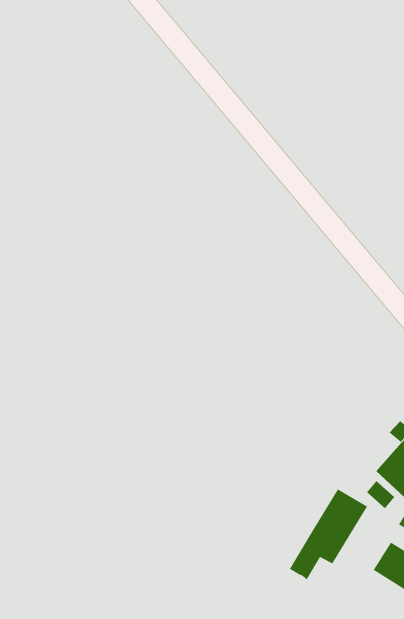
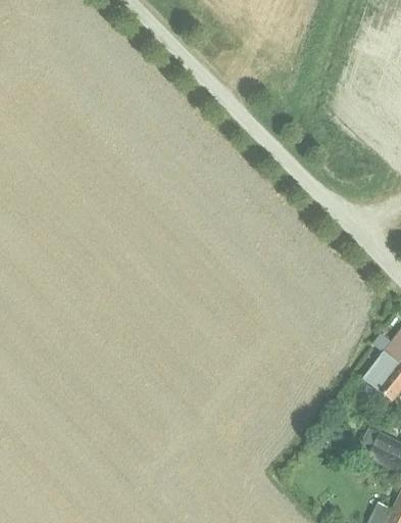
building: [289,489,368,580] -> none

